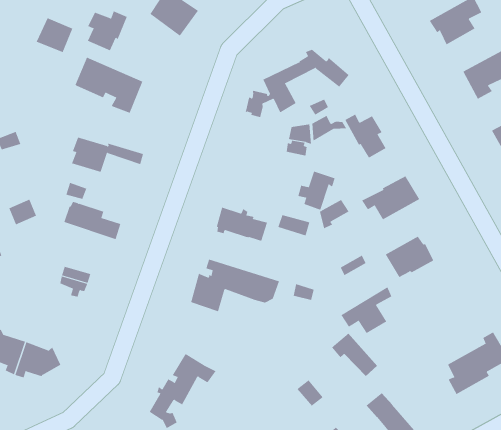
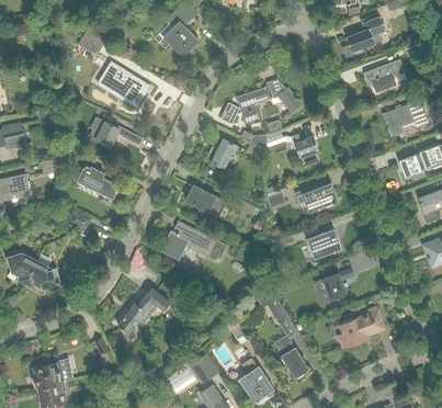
building: [87,10,128,51] -> none
building: [298,171,336,211] -> [208,139,238,169]
building: [341,287,392,334] -> [313,268,352,299]

